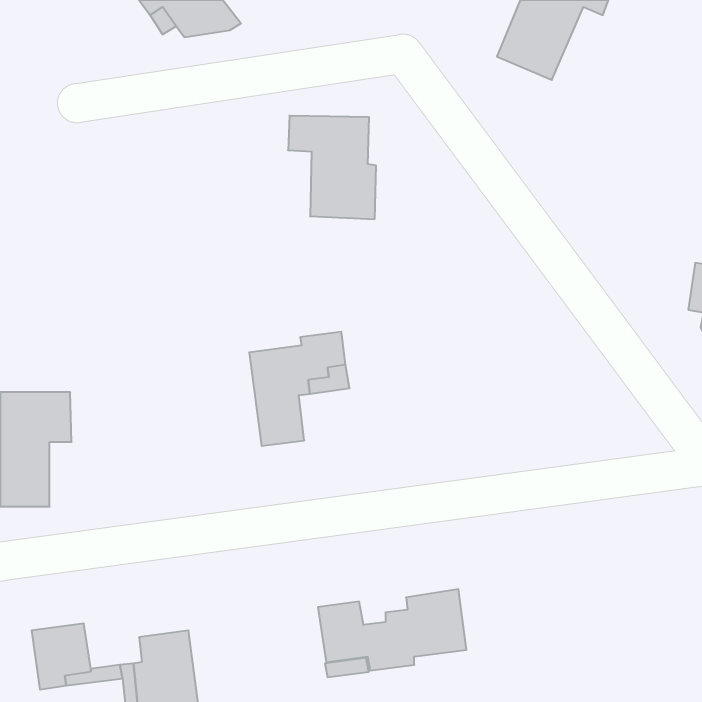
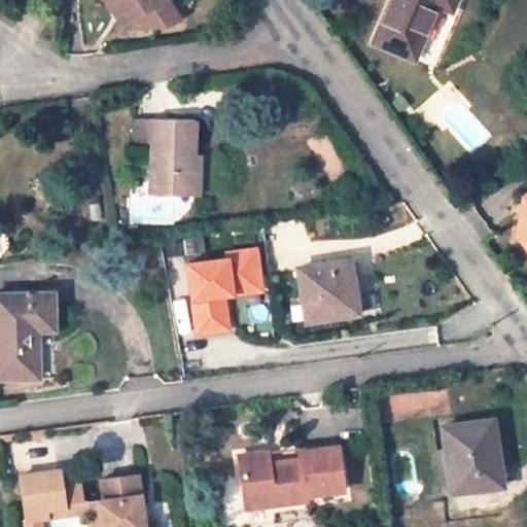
building: [288,116,376,219] -> [135,120,201,198]
building: none -> [298,261,358,322]
building: none -> [442,422,500,491]

